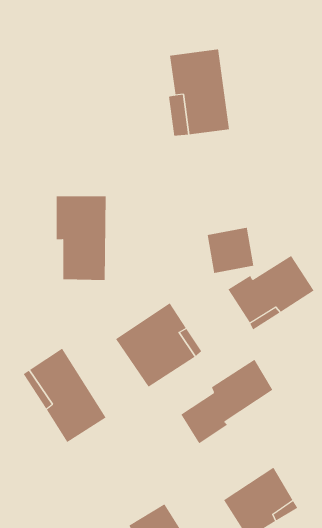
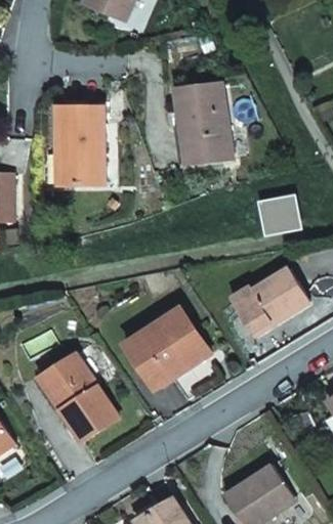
building: [56,196,107,281] -> [53,101,100,180]
building: [207,227,254,274] -> [262,195,306,238]
building: [180,359,273,444] -> none

